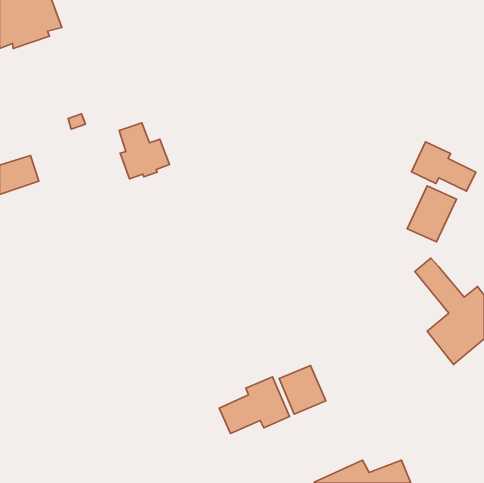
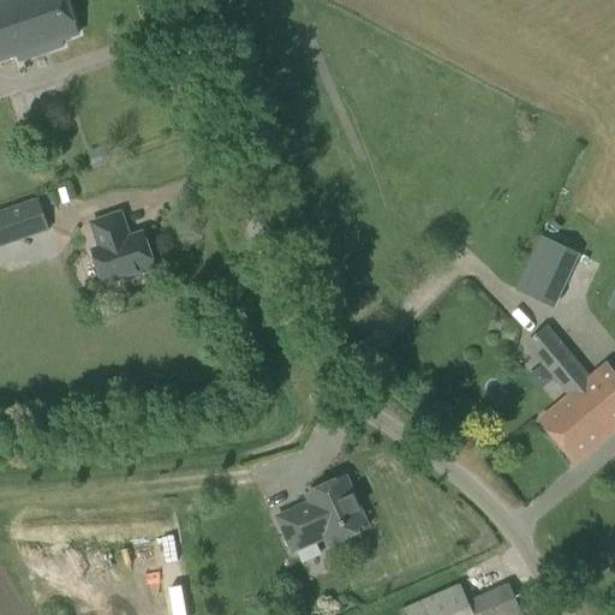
building: [119,123,169,179] -> [92,213,156,283]
building: [412,142,476,191] -> none
building: [279,365,326,414] -> none

